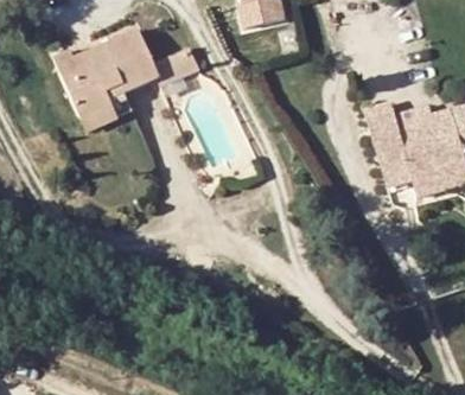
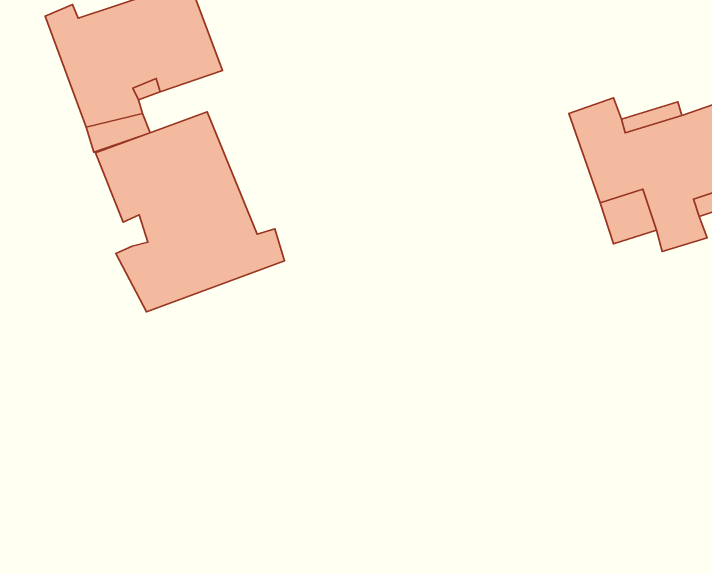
building: none -> [96,112,285,312]

